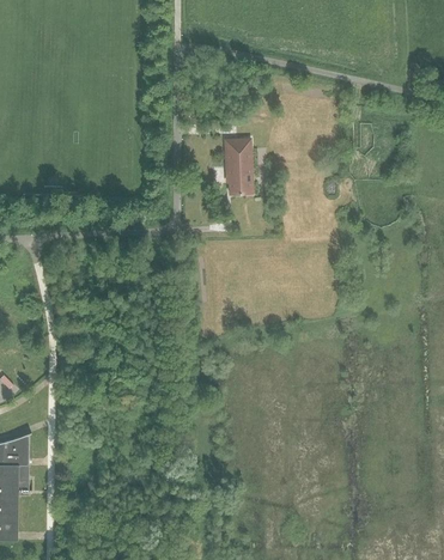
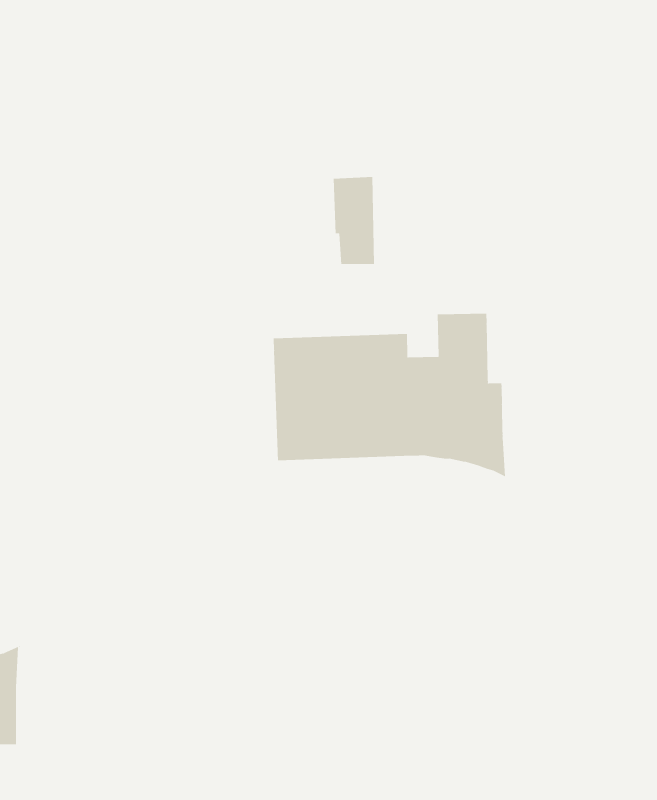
building: none -> [273,313,507,478]

